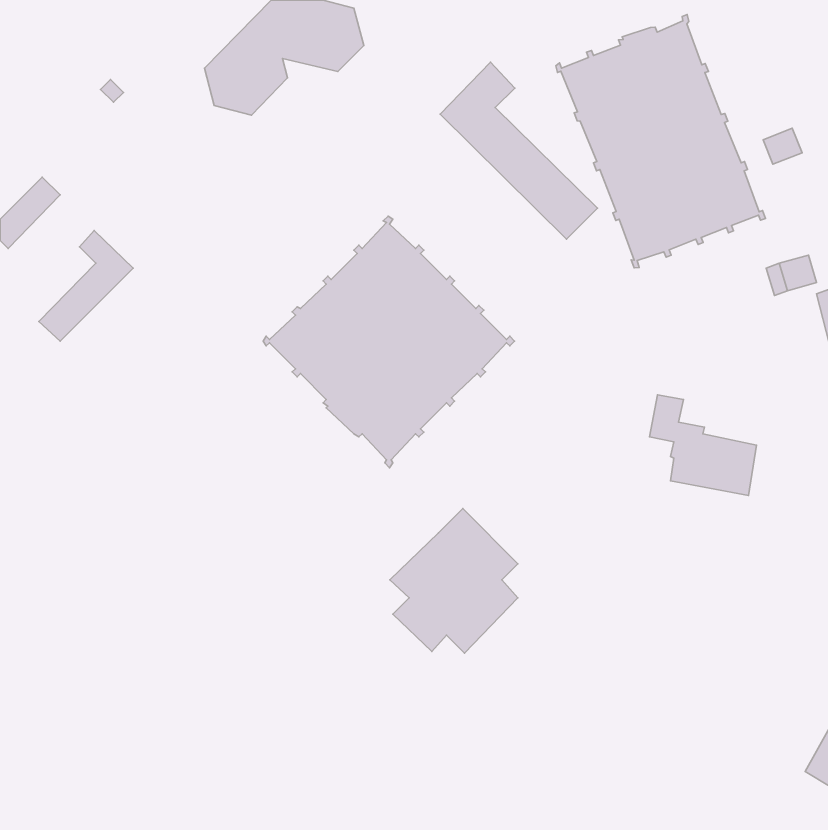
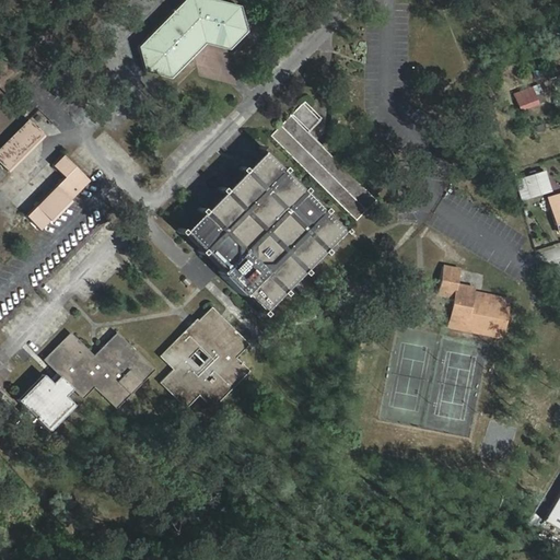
building: [556,15,765,268] -> none
building: [440,62,597,239] -> [272,101,378,220]
building: none -> [19,332,155,429]
building: [390,508,518,653] -> [161,308,247,406]

